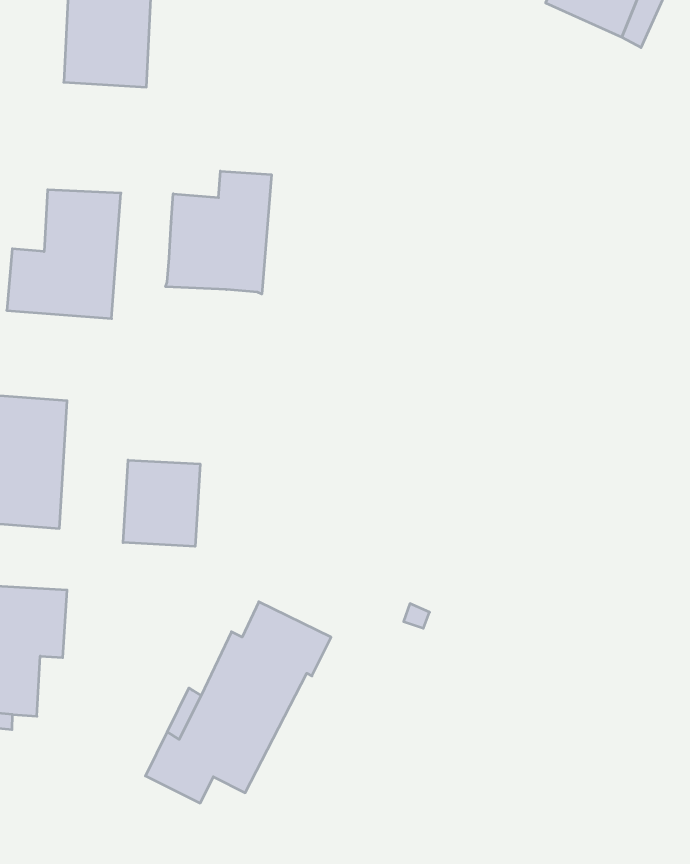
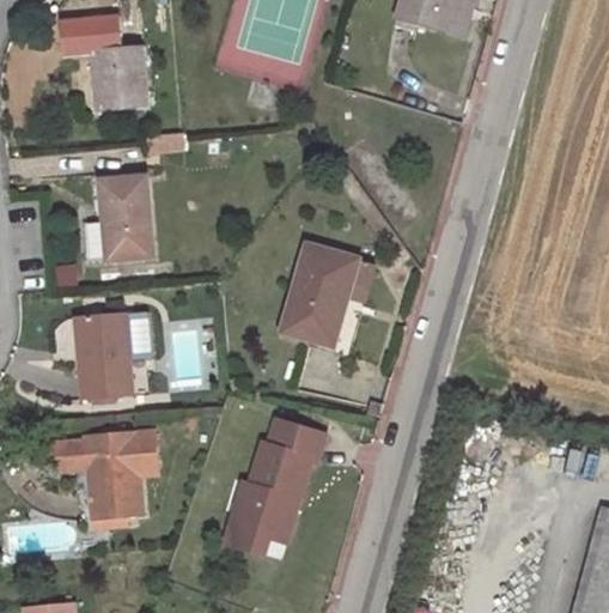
building: [166,171,271,294] -> none
building: none -> [291,244,382,350]
building: [123,460,200,546] -> none

